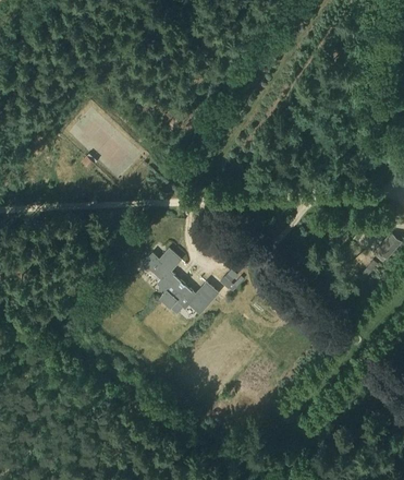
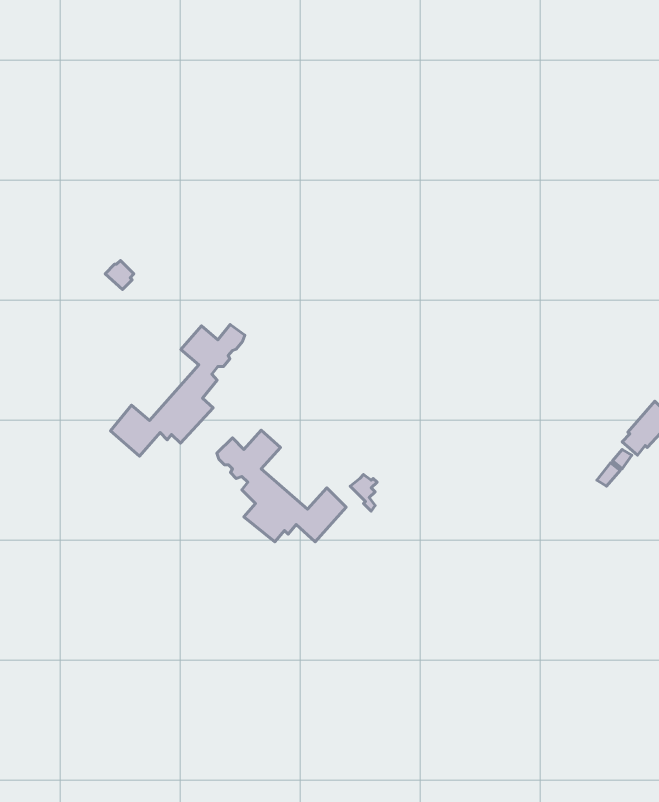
building: none -> [111,324,245,456]

